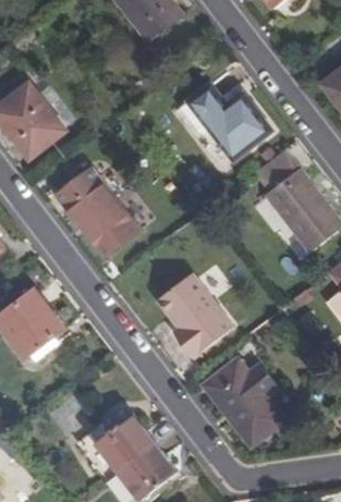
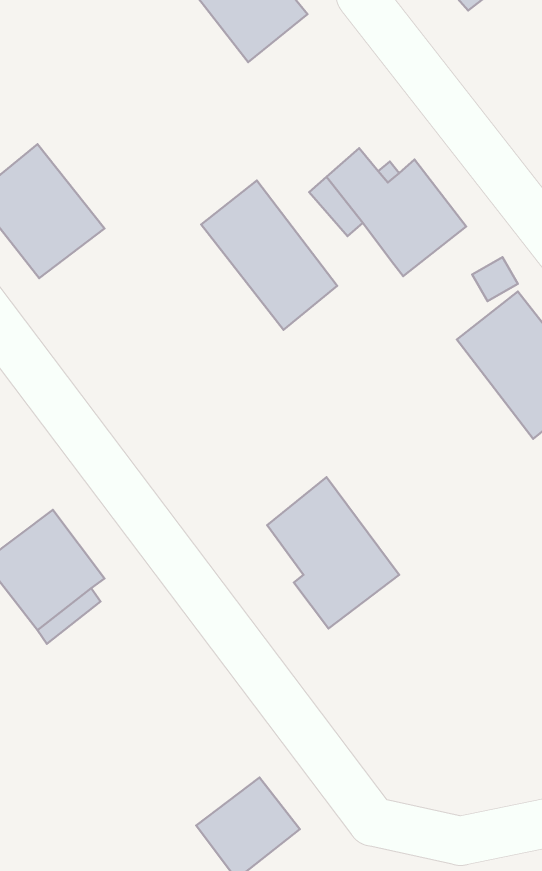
building: [57,173,134,258] -> [201,181,337,330]
building: [202,363,282,449] -> none
building: [95,416,153,472] -> none

